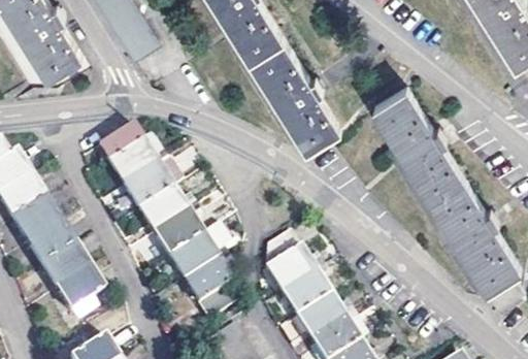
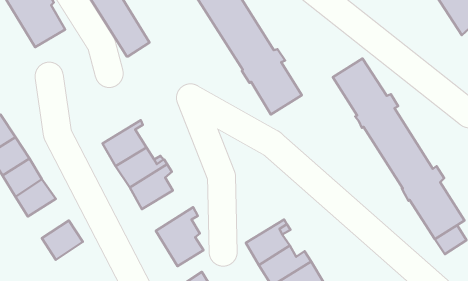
building: [98,129,162,186] -> none
building: [163,232,220,282] -> none
building: [263,233,320,295] -> none
building: [37,247,82,290] -> none

